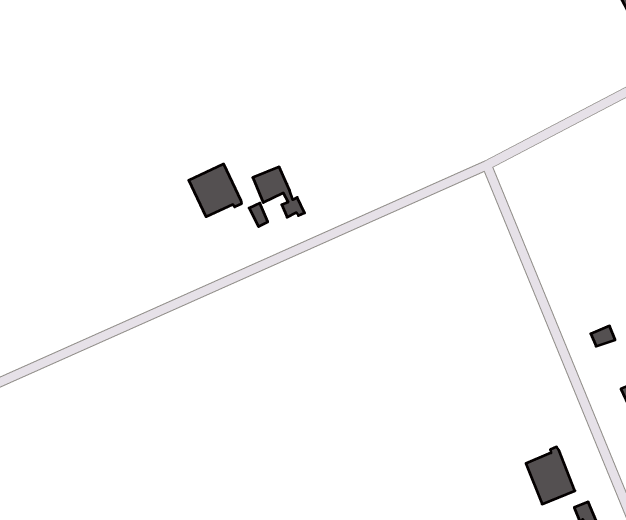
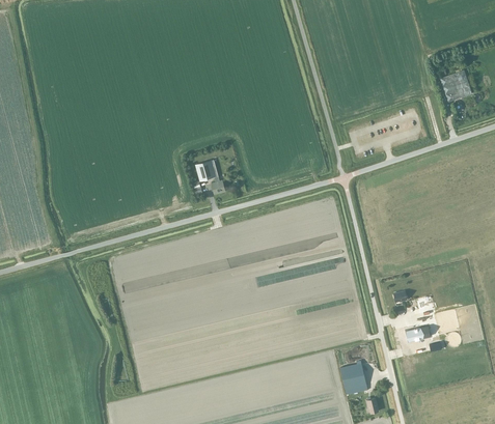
building: [189,164,241,217] -> none

